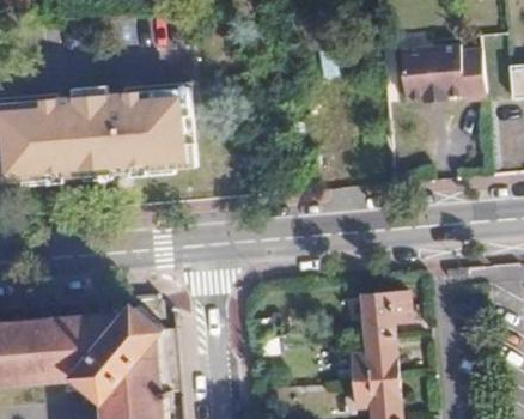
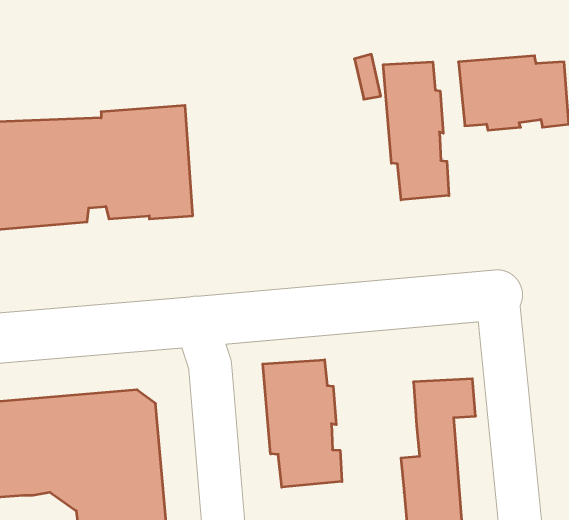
building: none -> [383,62,449,200]
building: none -> [263,360,342,487]

